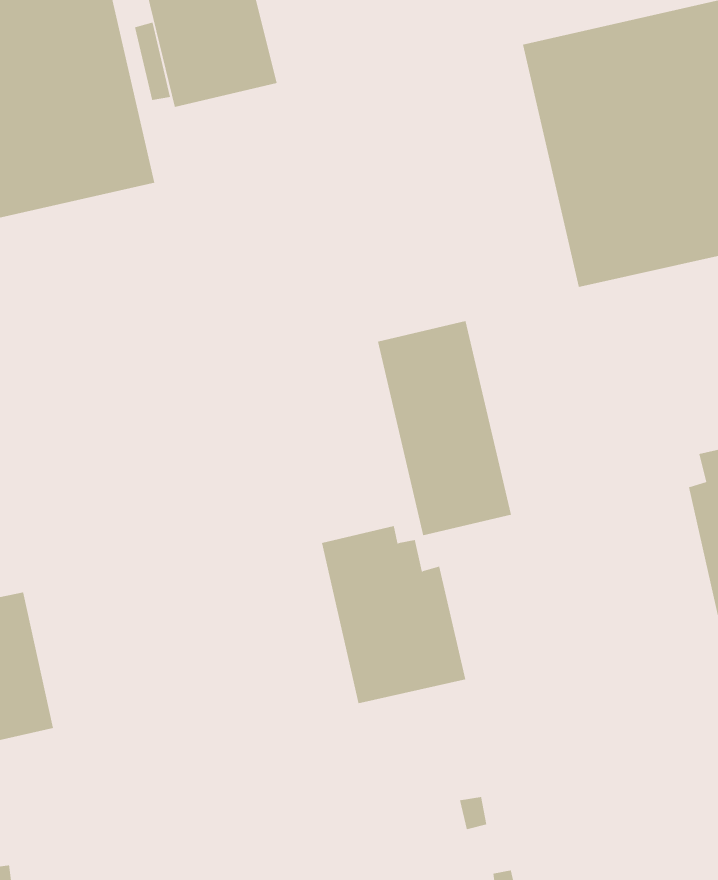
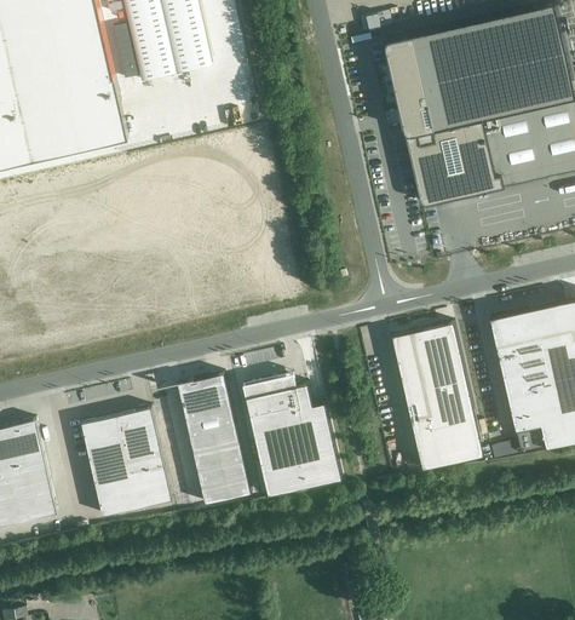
building: [377,321,512,536] -> [391,322,484,471]
building: none -> [177,373,252,504]
building: none -> [80,407,172,516]

